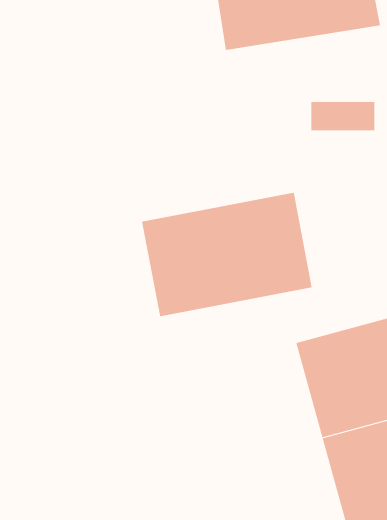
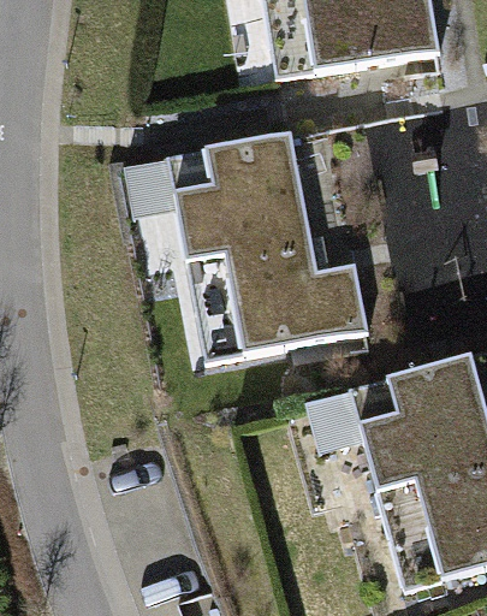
building: none -> [164,125,346,259]

